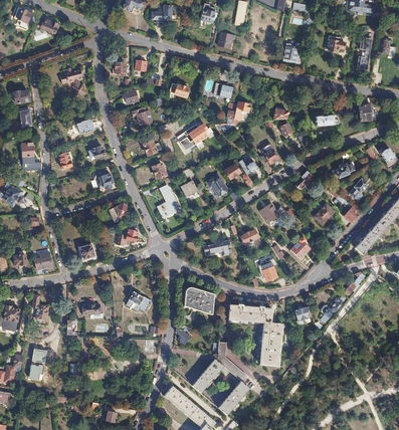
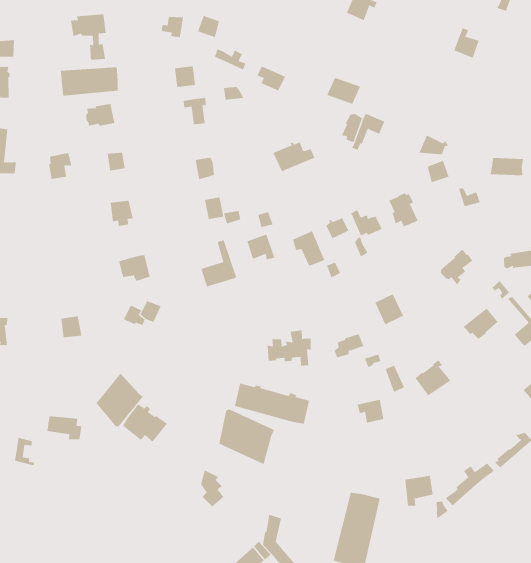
building: none -> [60,66,118,96]
building: none -> [96,373,144,427]
building: [228,304,271,322] -> [234,383,310,424]

